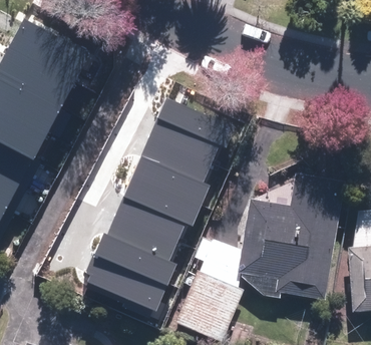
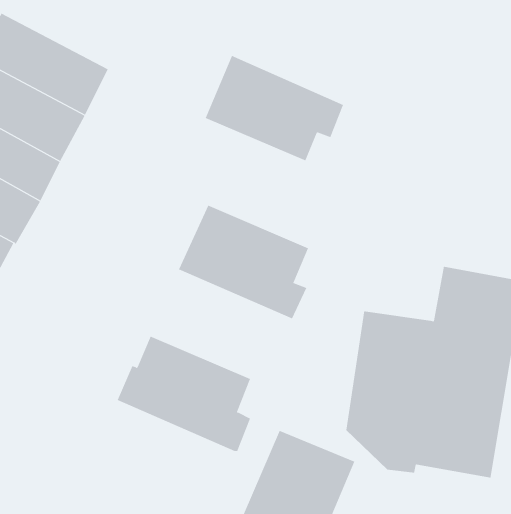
building: [151,96,236,160] -> [205,55,344,161]
building: [116,174,203,240] -> none
building: [85,252,167,310] -> none

